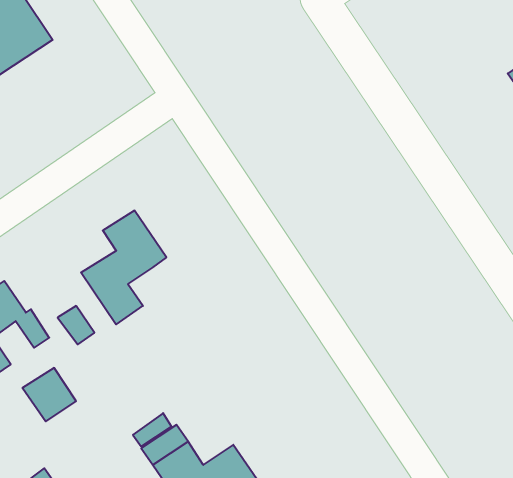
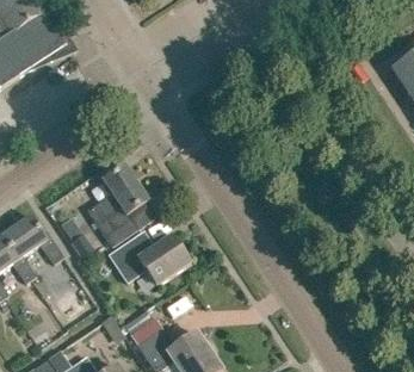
building: none -> [109,234,191,284]

